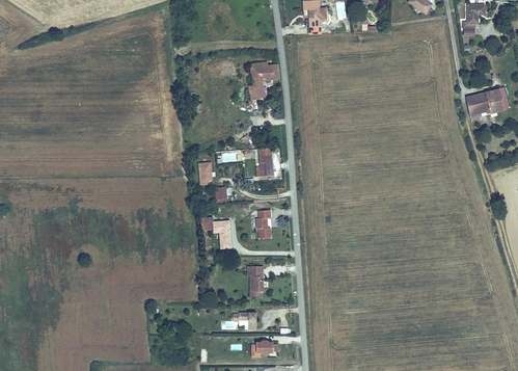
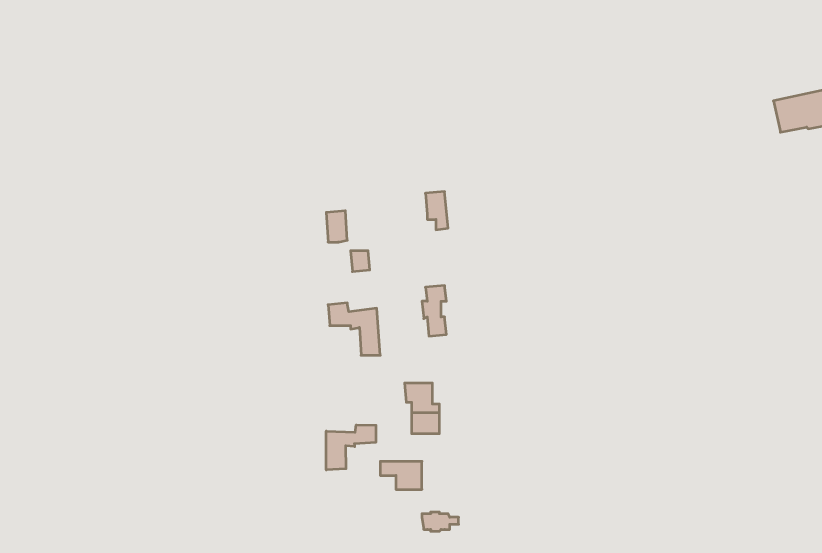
building: [250,61,278,99] -> none
building: none -> [326,425,376,470]

